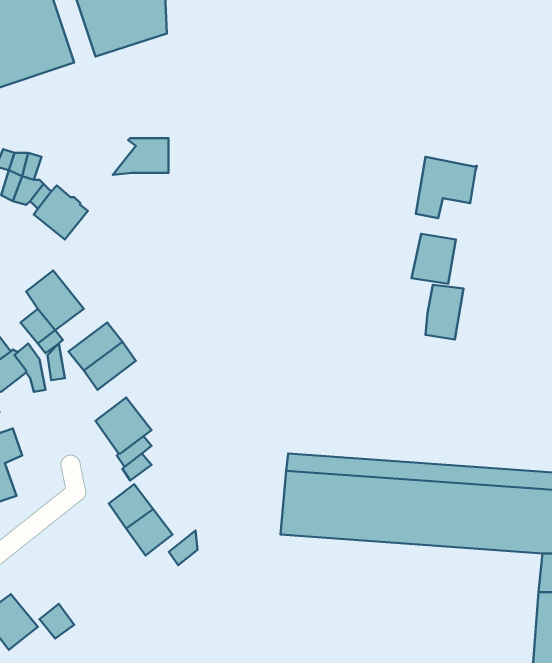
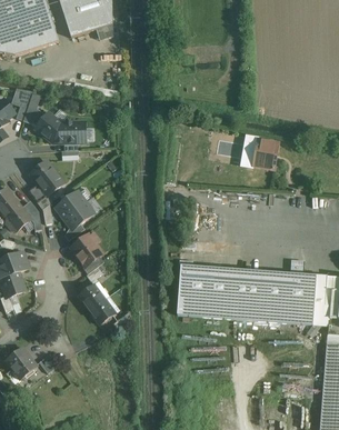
building: [113,138,169,175] -> [52,121,84,142]
building: [416,157,477,218] -> none
building: [425,285,464,339] -> none

